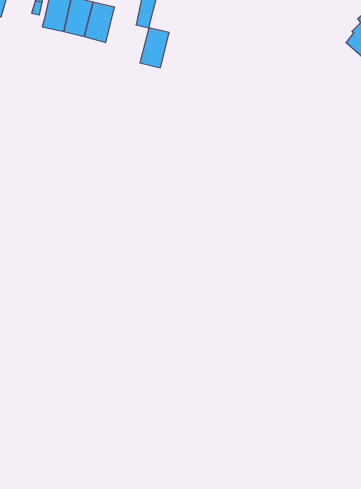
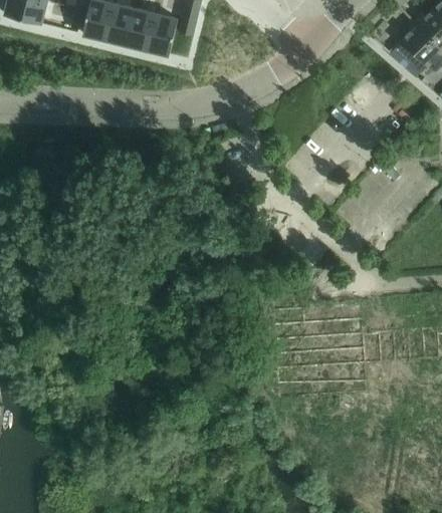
building: [140,28,169,68] -> [149,13,179,54]

